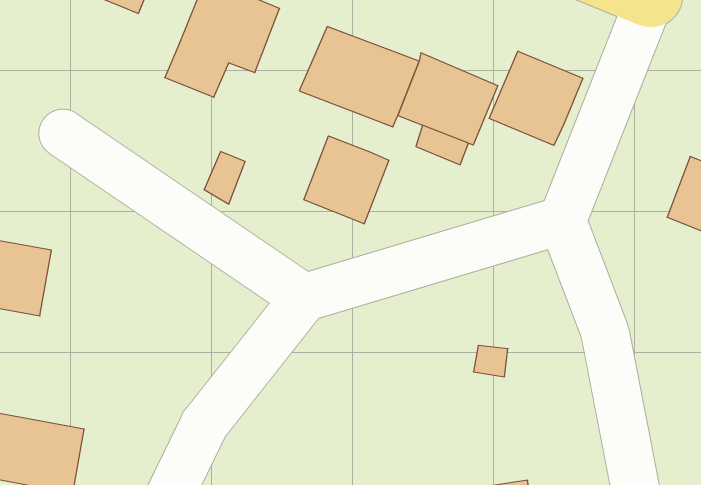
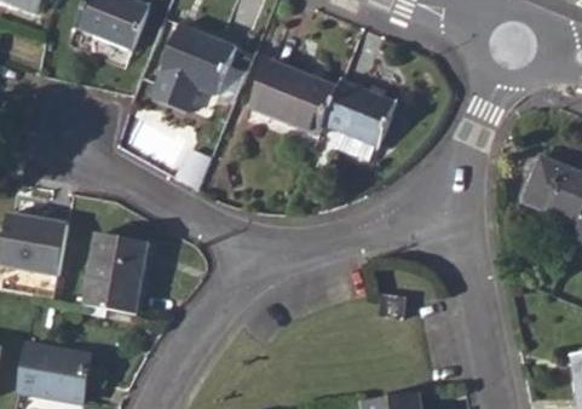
building: [489,51,583,145] -> none
building: [304,136,389,224] -> none
building: none -> [85,231,146,312]

